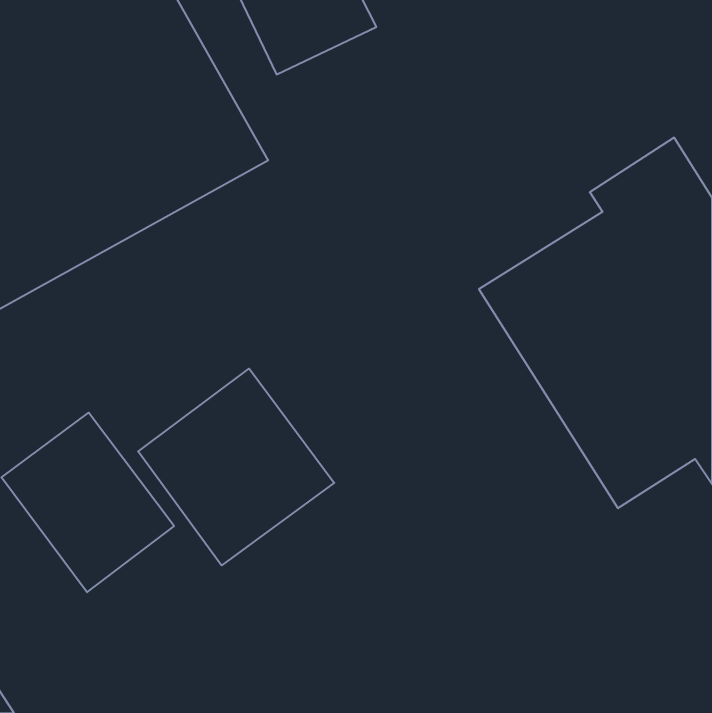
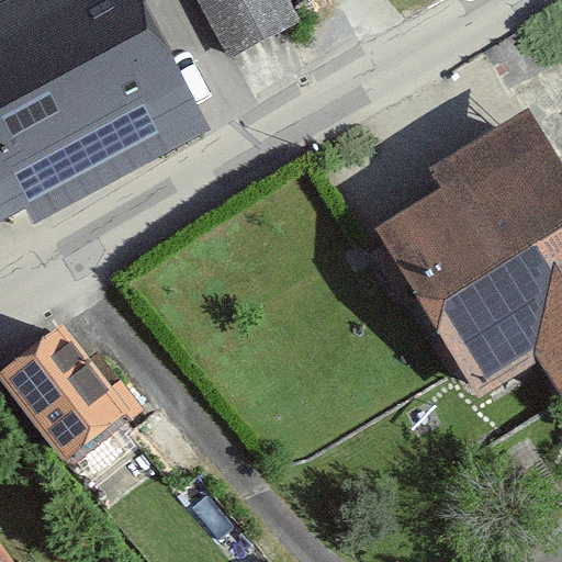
building: [138,369,334,565] -> none

